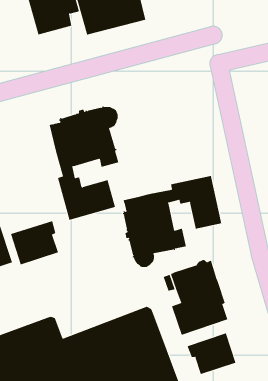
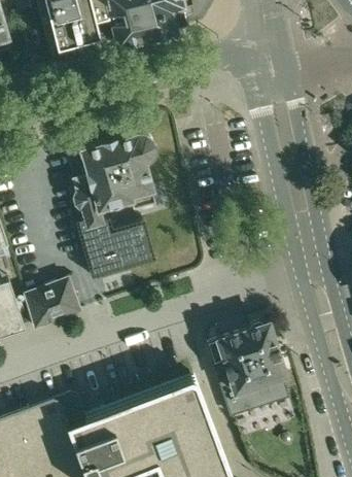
building: [122,175,222,268] -> none
building: [187,333,236,375] -> none

